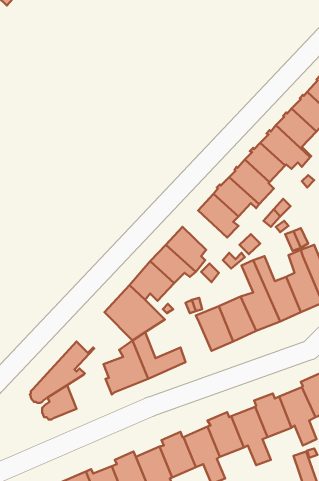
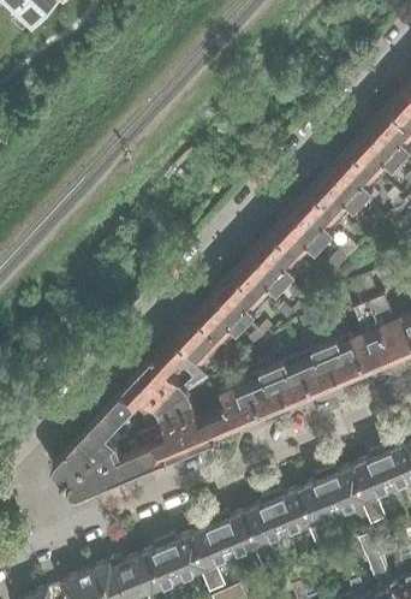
building: none -> [232,257,284,303]
building: none -> [109,375,174,422]
building: none -> [219,379,266,433]
building: none -> [99,447,150,487]

